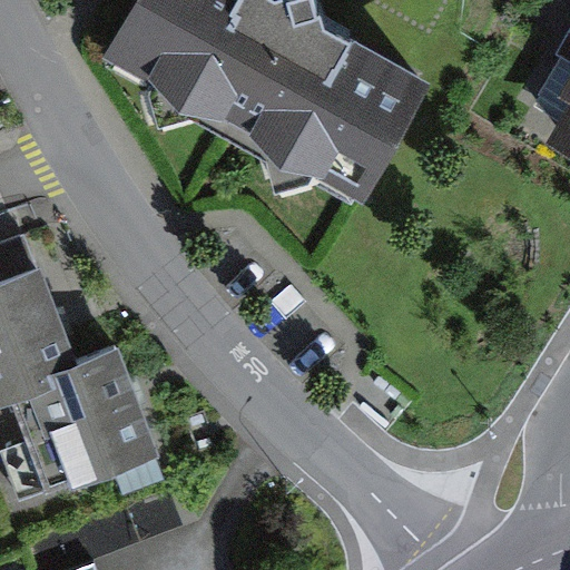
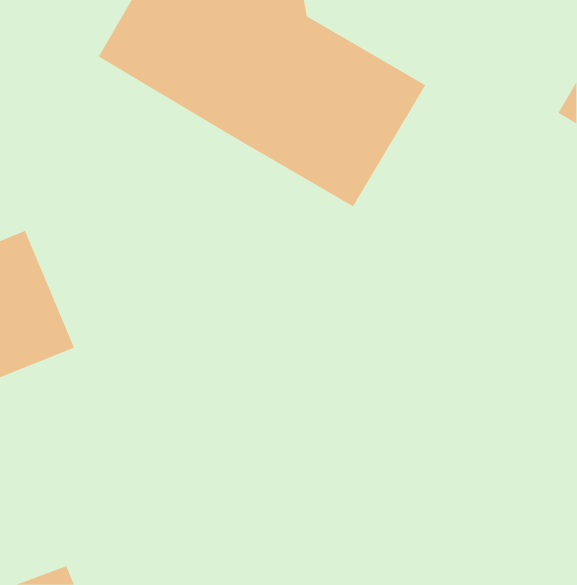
building: [10,328,163,504] -> none

